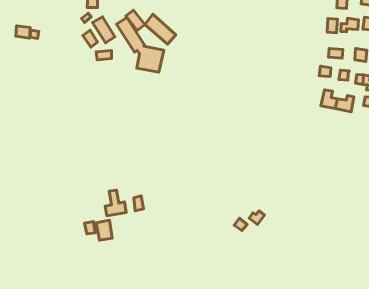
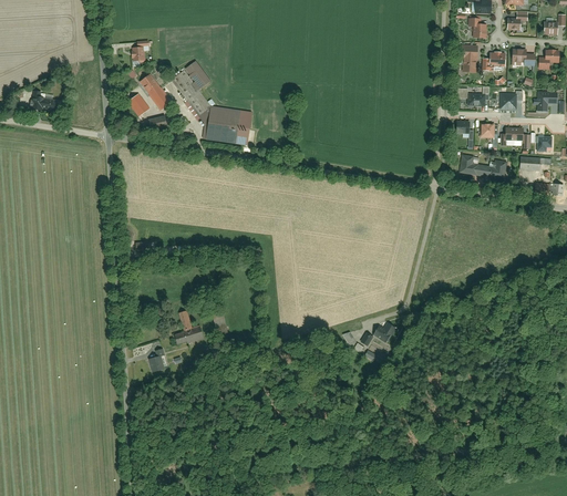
building: [145,14,176,44] -> none
building: [96,220,112,240] -> none

